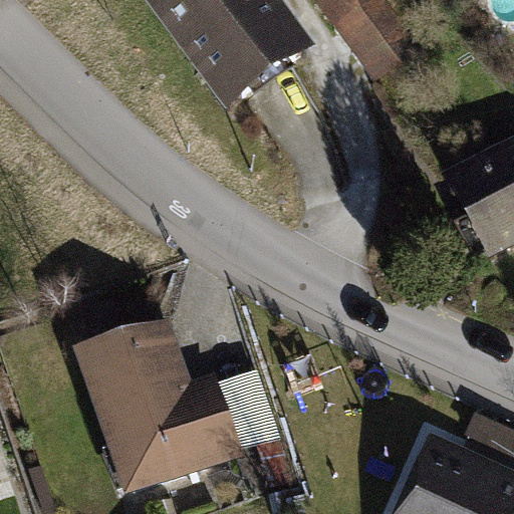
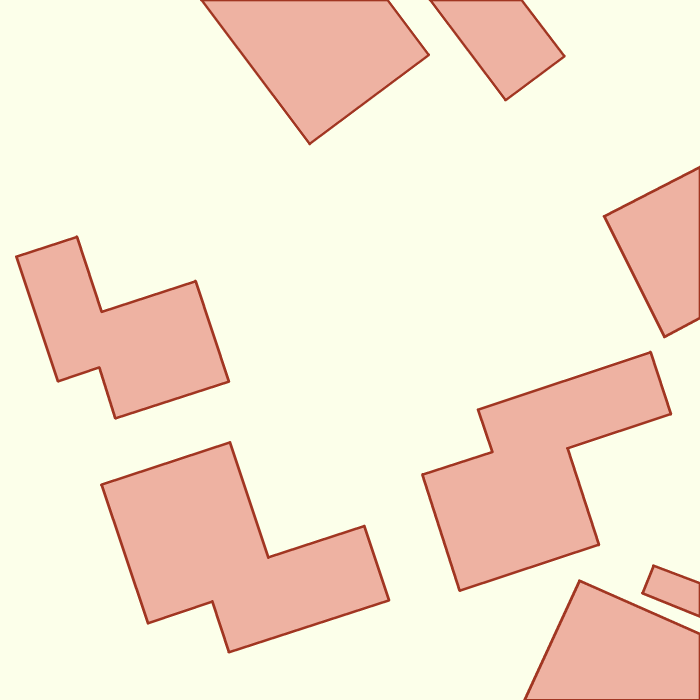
building: none -> [16,237,229,418]
building: none -> [423,352,671,591]

